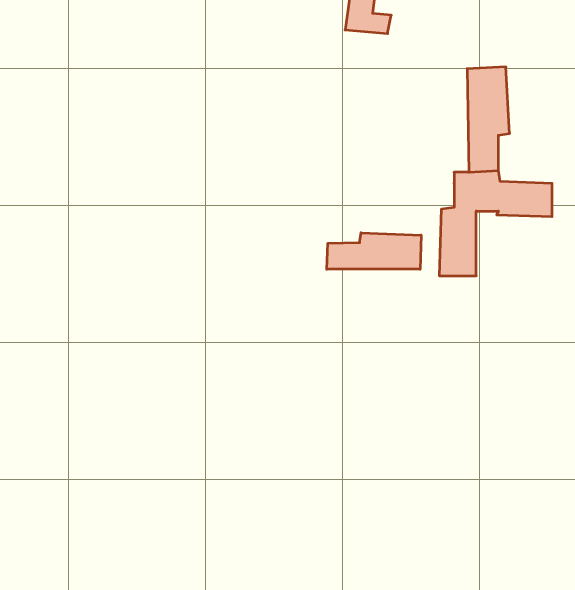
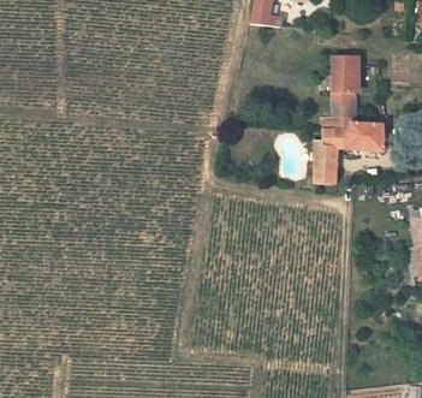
building: [327,233,421,269] -> none

